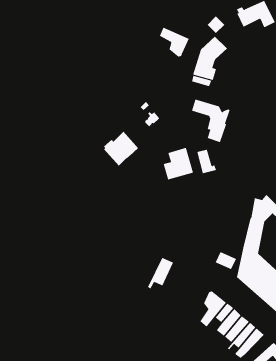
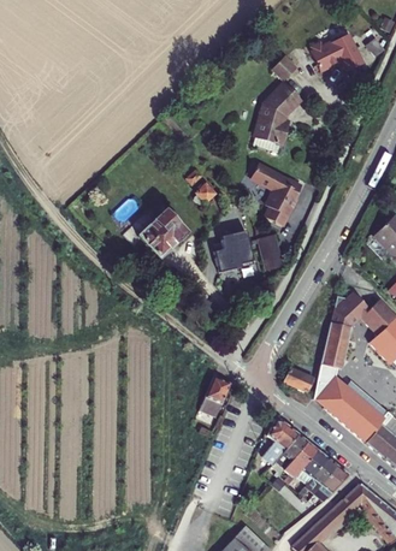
building: [159,27,189,58] -> none

